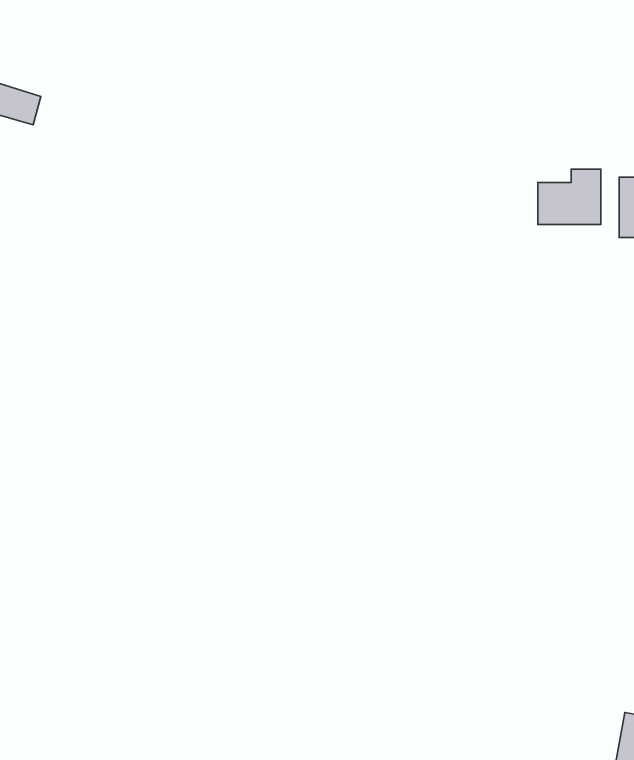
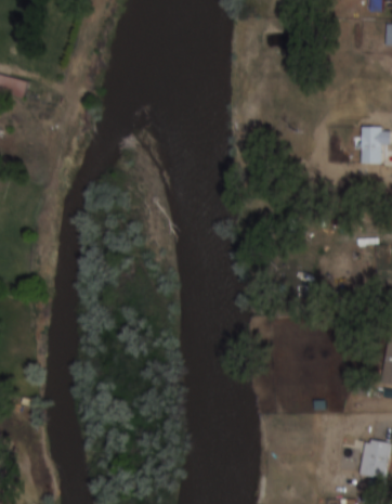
building: [538,169,601,225] -> none

